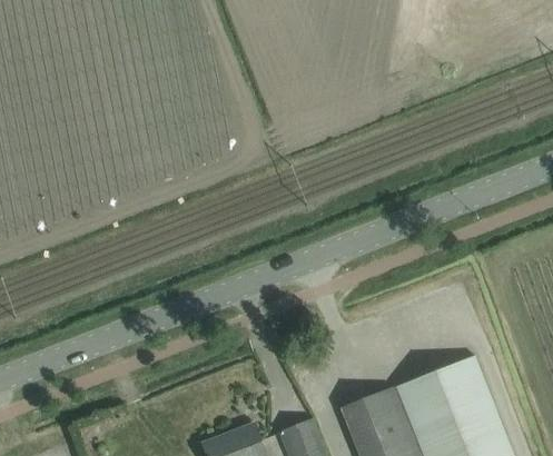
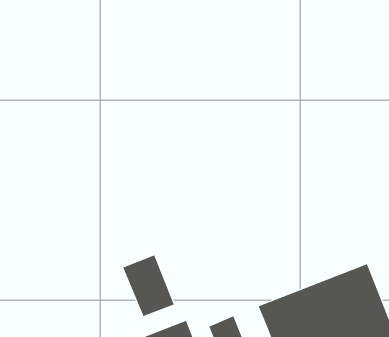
building: none -> [123,254,174,317]

